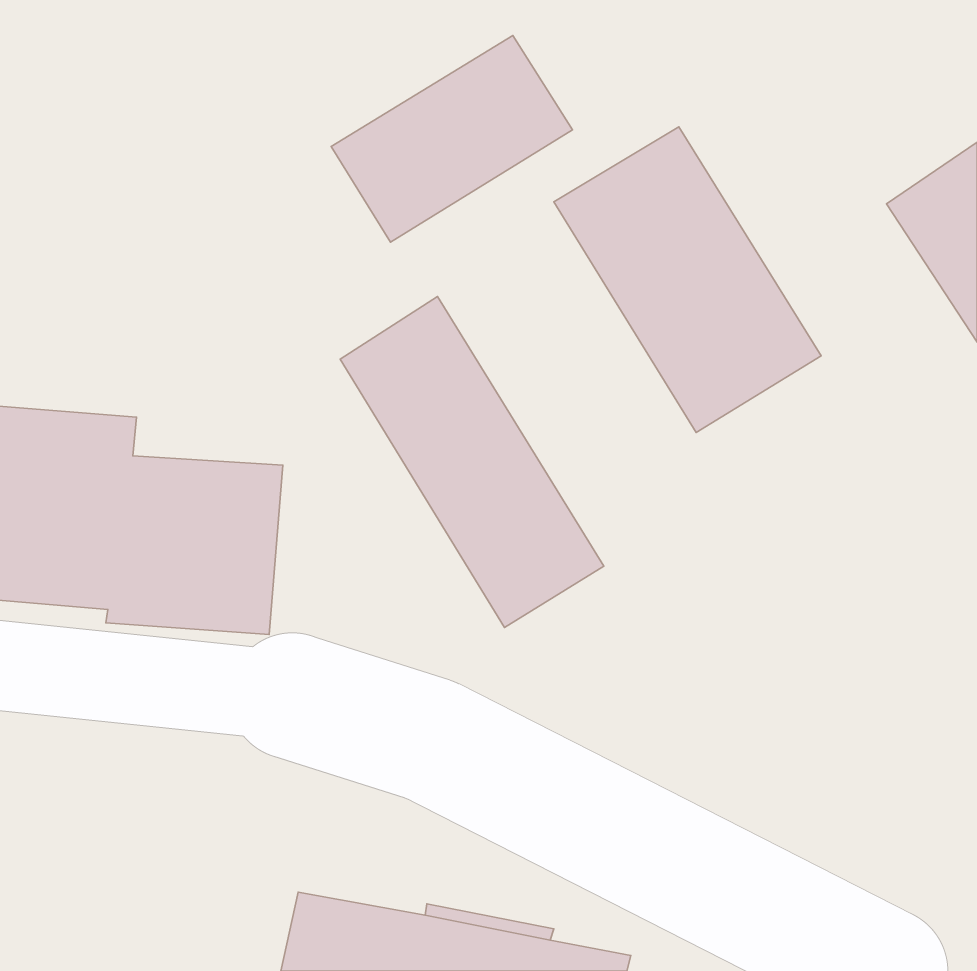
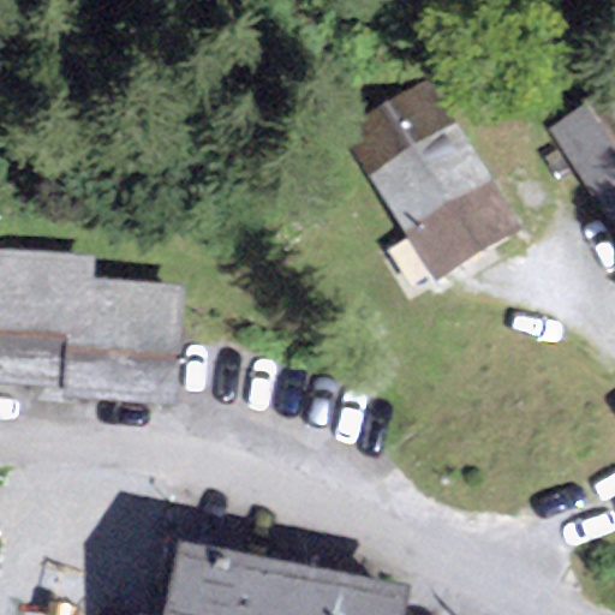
building: [331,36,573,242] -> none
building: [340,297,604,627] -> none

